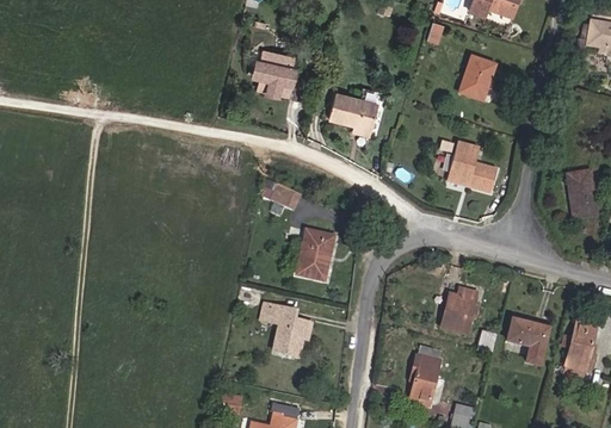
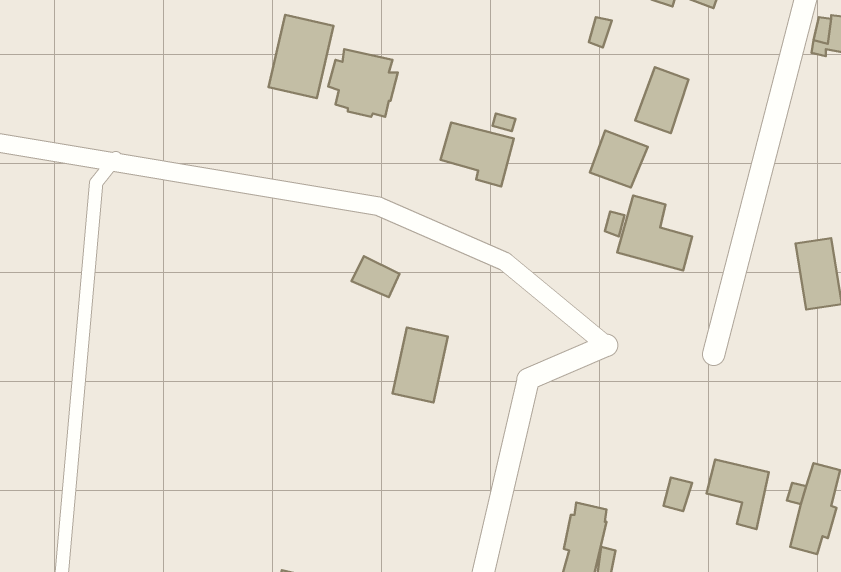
building: none -> [268,15,334,98]
building: none -> [590,131,648,187]
building: [442,287,477,333] -> none
building: [261,303,307,355] -> none

